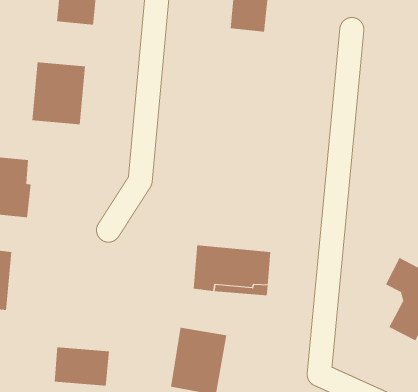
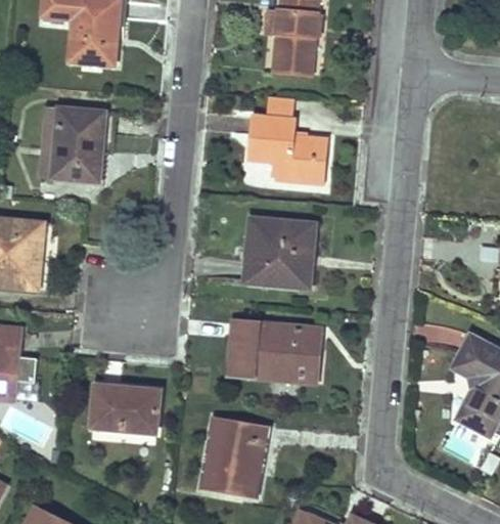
building: none -> [248,95,329,182]
building: none -> [245,218,315,288]
building: [54,347,110,386] -> [93,386,158,432]

